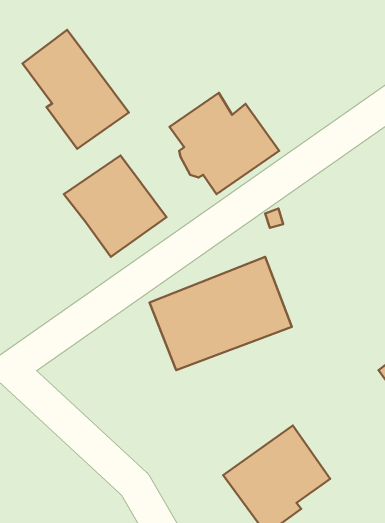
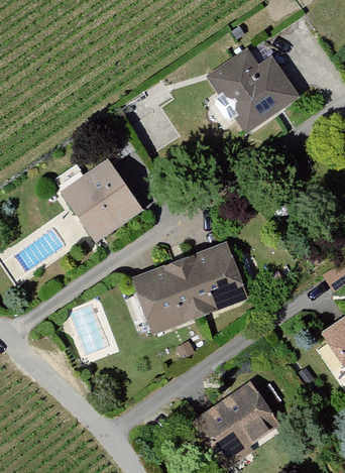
building: [22,30,129,149] -> none
building: [170,93,279,194] -> [207,48,299,133]

